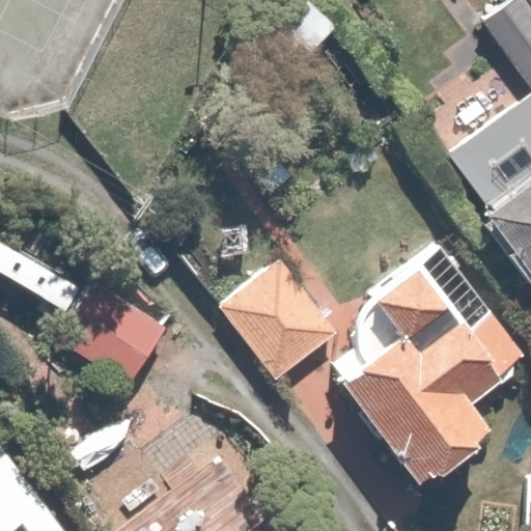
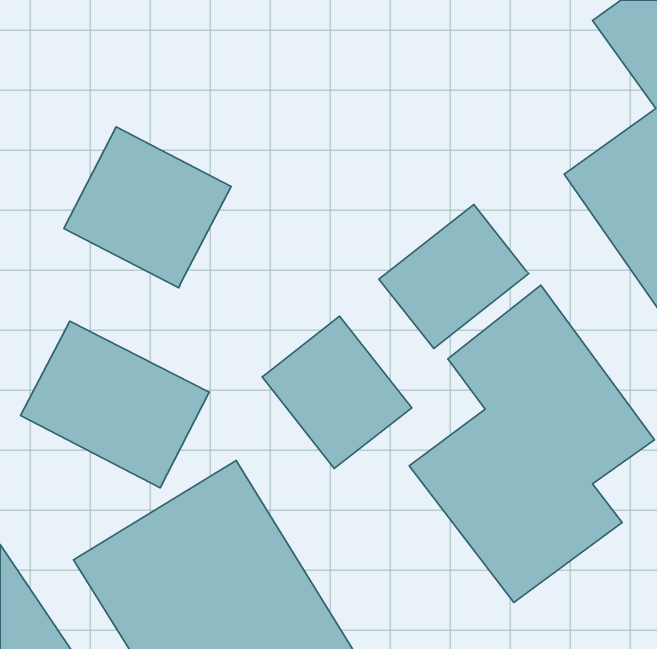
building: none -> [64,127,231,288]
building: none -> [379,204,529,348]

